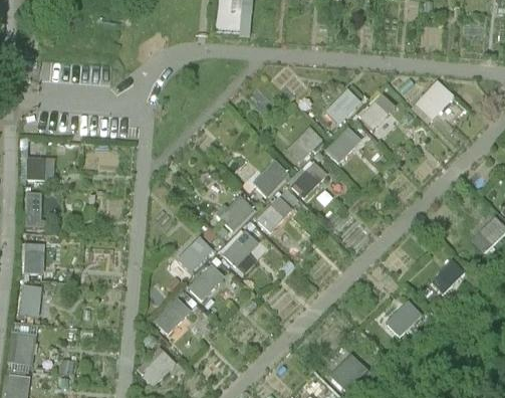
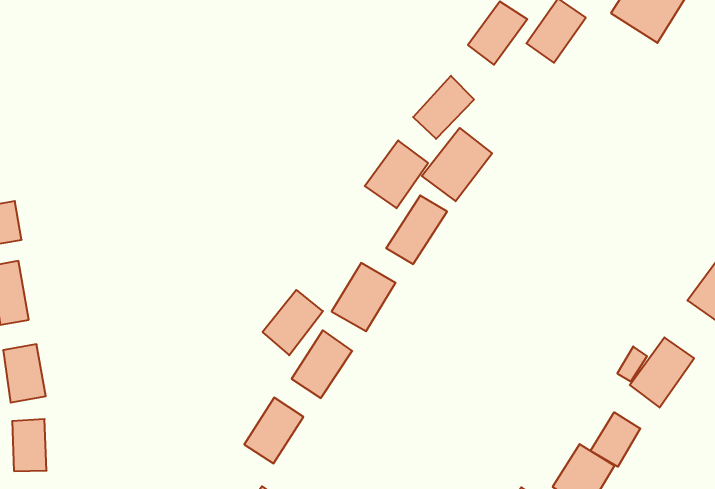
building: [324,127,362,164] -> none
building: [217,194,256,232] -> none
building: none -> [590,412,640,467]

